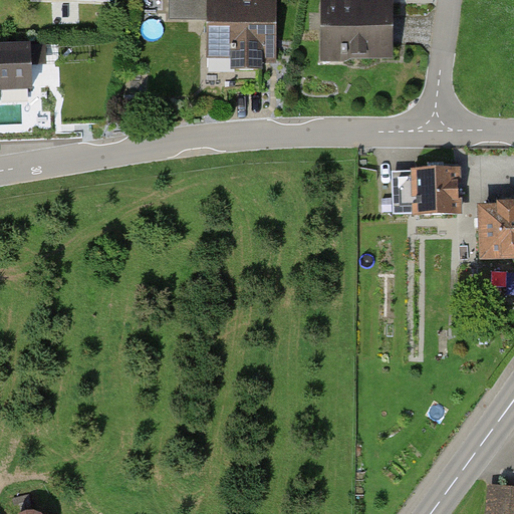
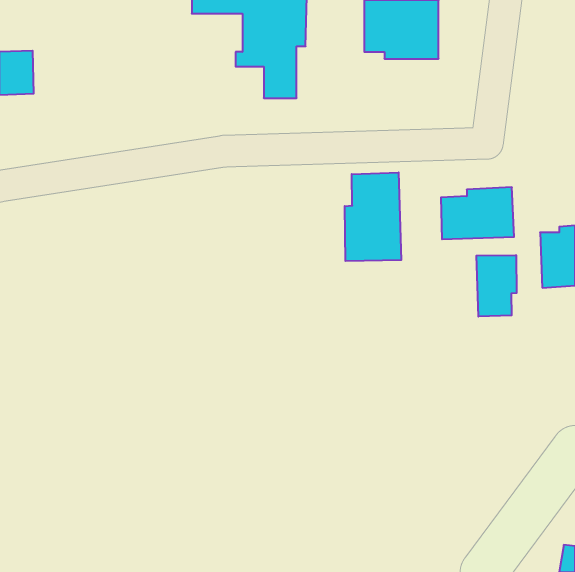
building: none -> [345,172,401,261]
building: none -> [476,255,517,317]

